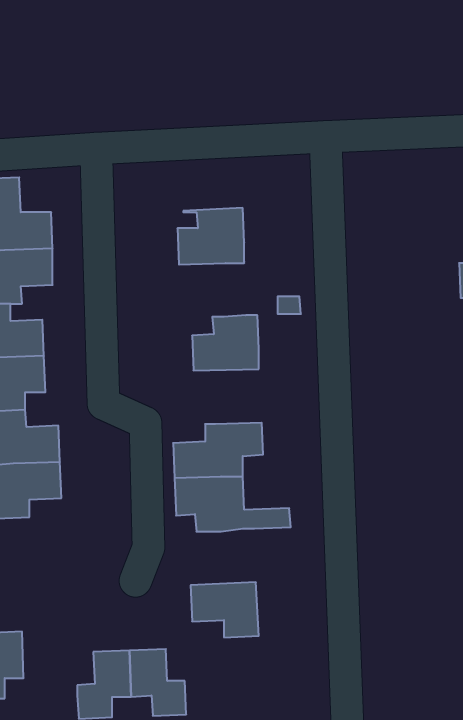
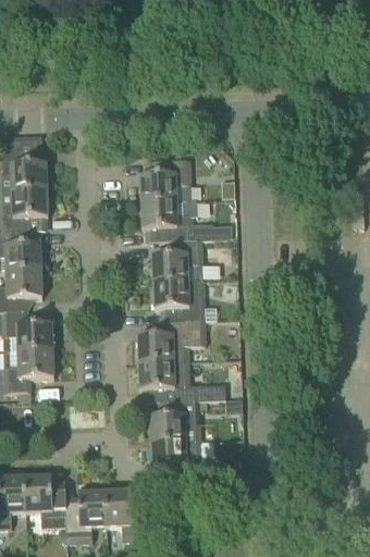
building: none -> [143,199,198,240]
building: none -> [153,280,205,321]
building: none -> [150,399,200,442]
building: none -> [25,475,66,524]

